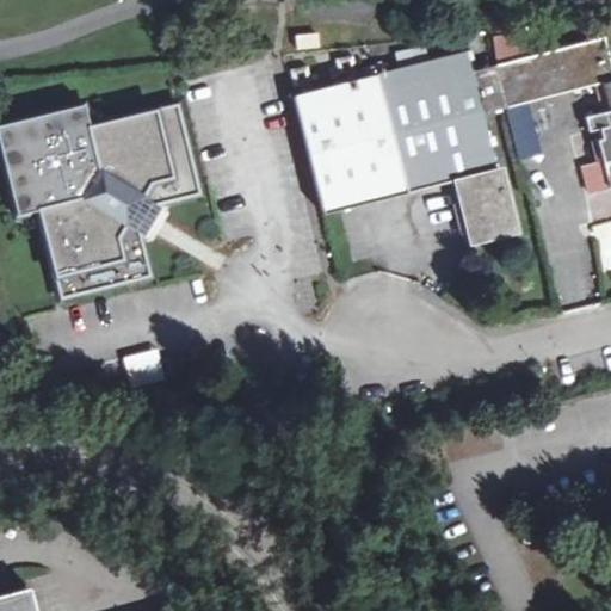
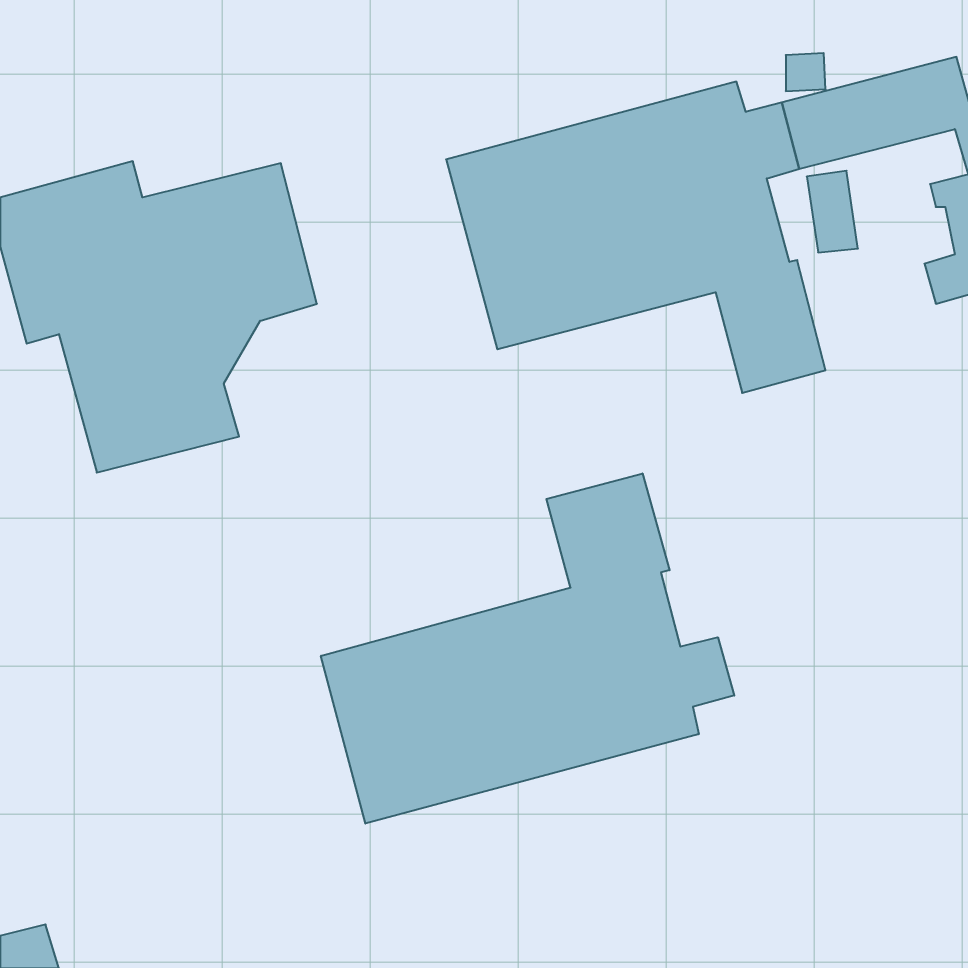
building: none -> [321,473,734,824]

